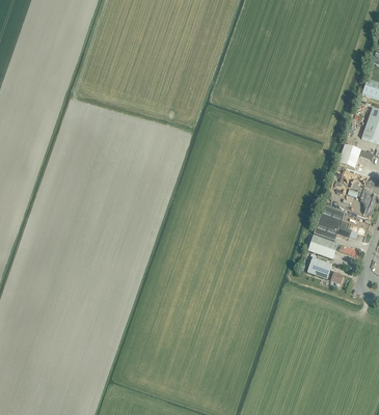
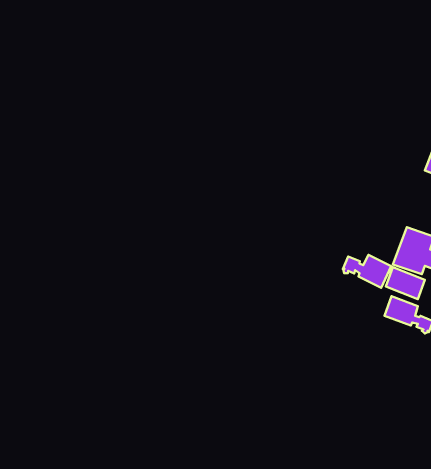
building: none -> [343,255,391,288]

